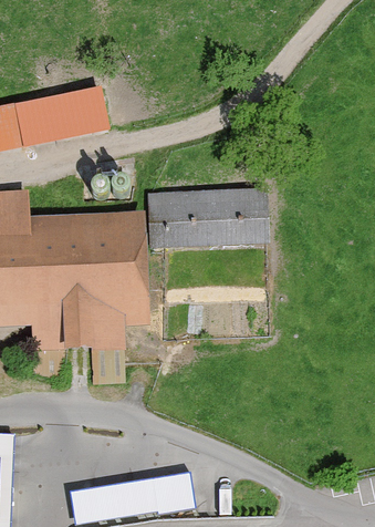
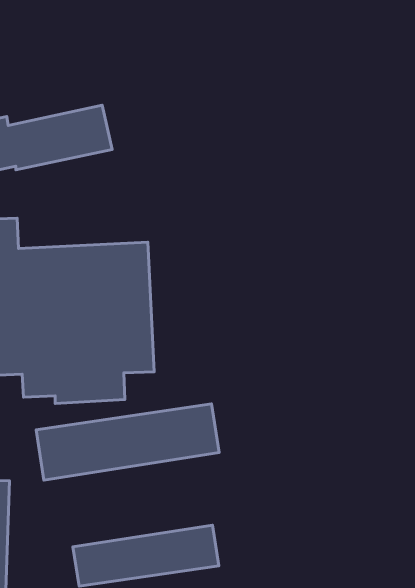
building: [148,188,267,248] -> none
building: none -> [36,404,219,480]

